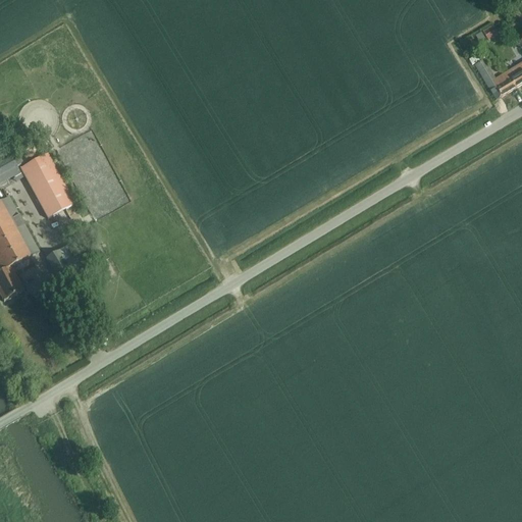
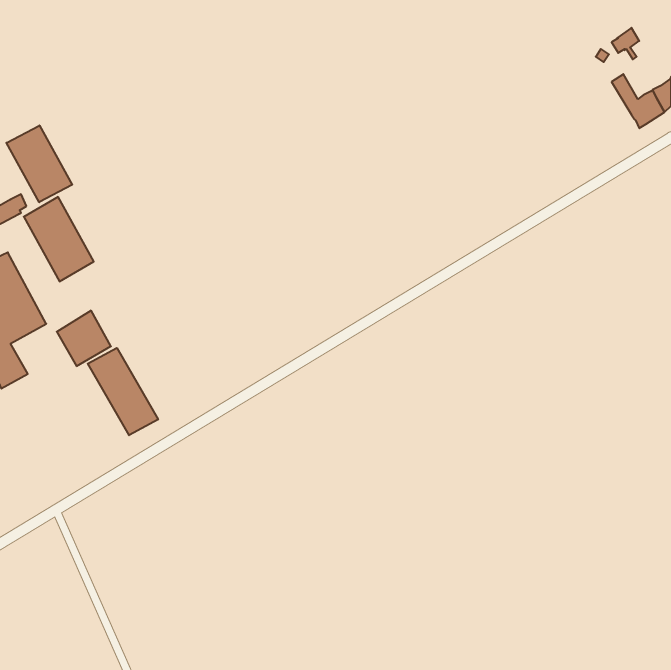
building: none -> [6,125,72,202]
building: none -> [88,348,158,435]

